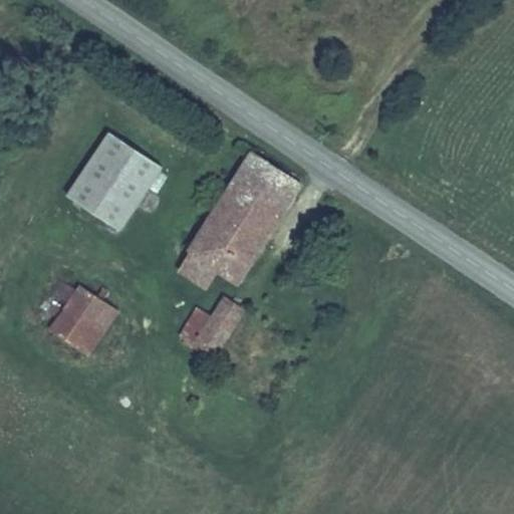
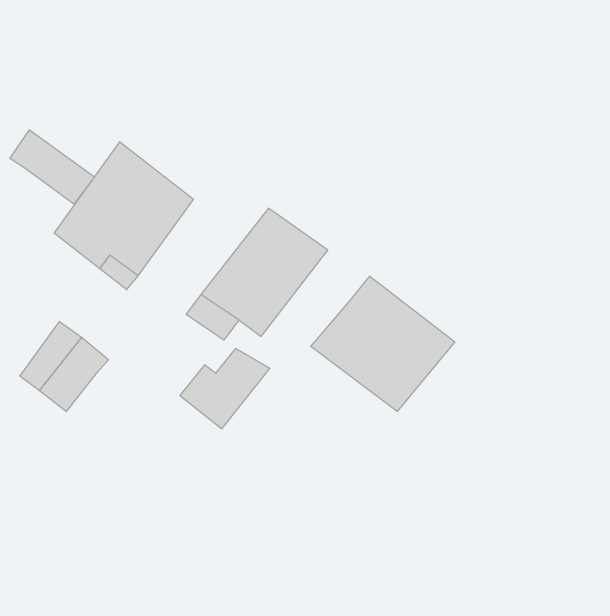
building: none -> [10,130,94,204]
building: [235,155,303,215] -> none
building: none -> [311,276,455,412]

